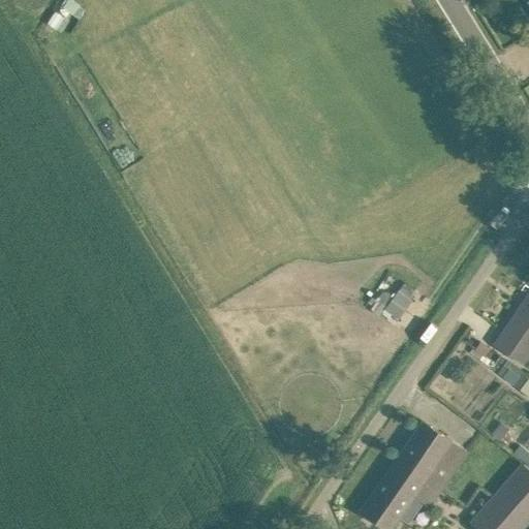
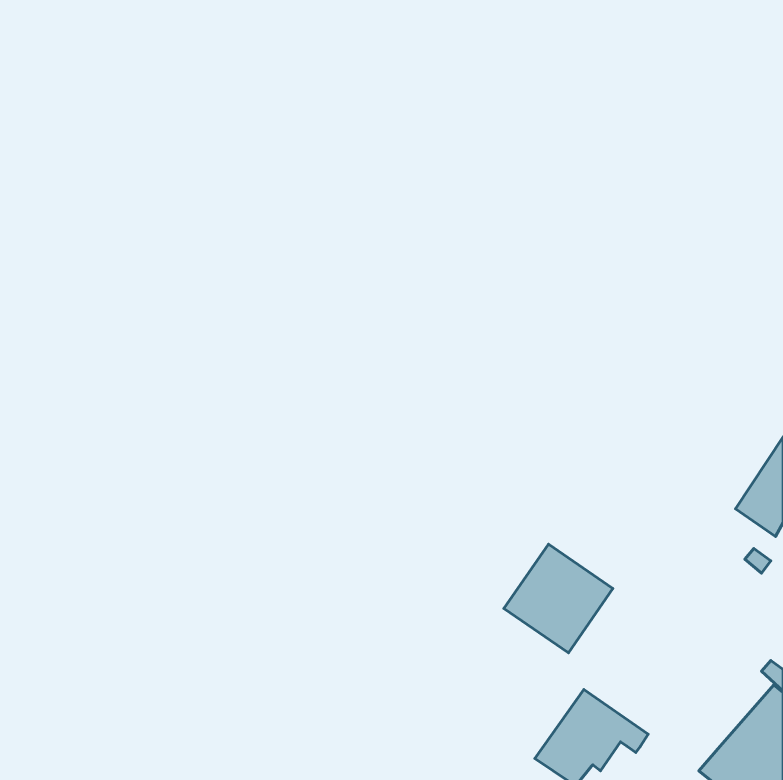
building: [380,283,416,322] -> none
building: [394,424,467,497] -> [504,544,613,653]

